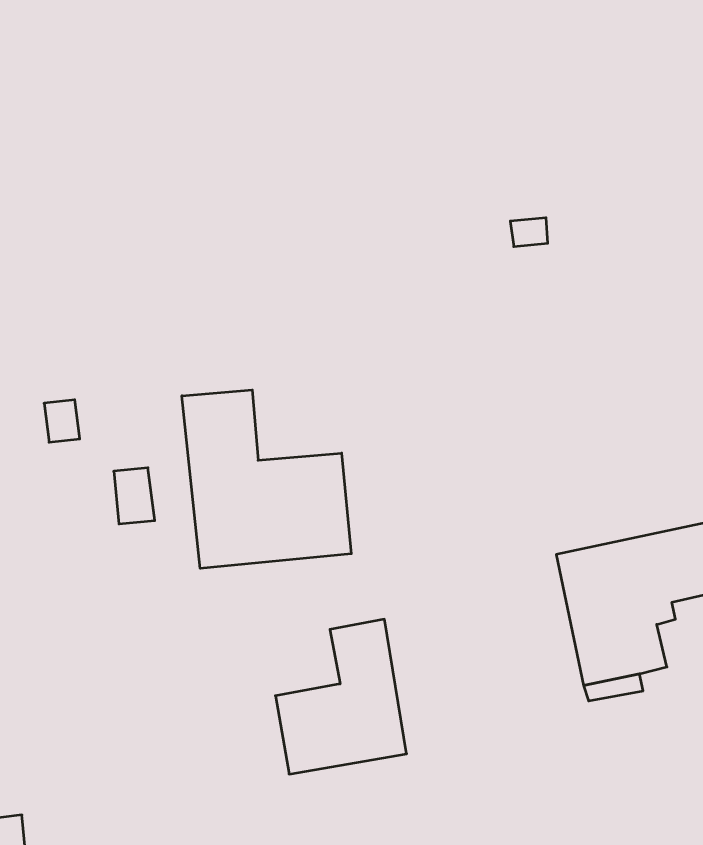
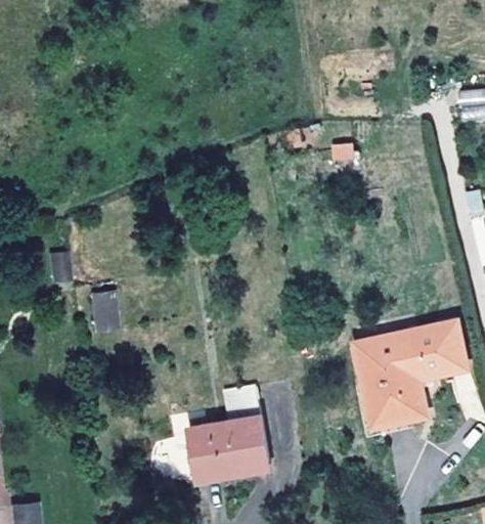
building: [182,390,351,568] -> none

